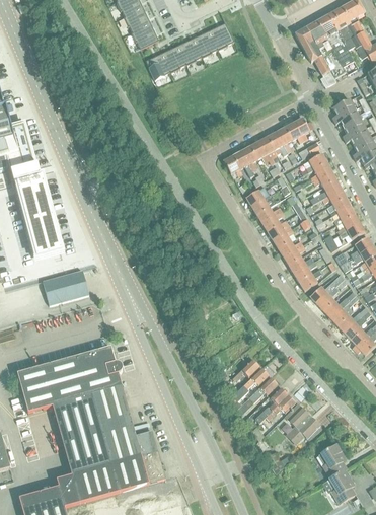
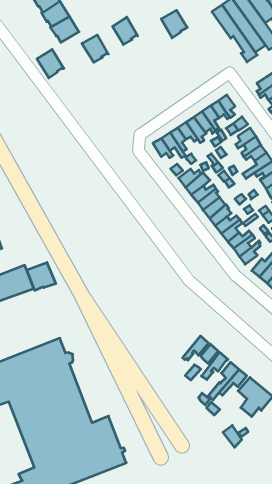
building: [209,22,234,50] -> [161,10,187,38]
building: [177,38,203,65] -> none
building: [145,52,171,80] -> [37,49,64,78]
building: none -> [27,262,56,290]

